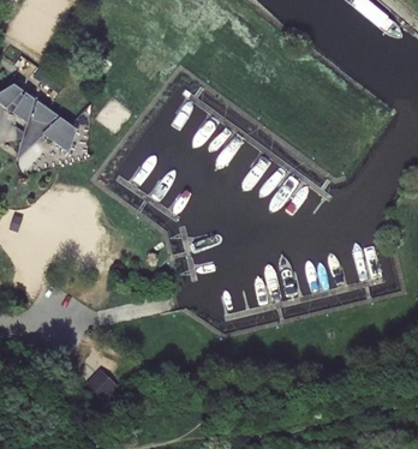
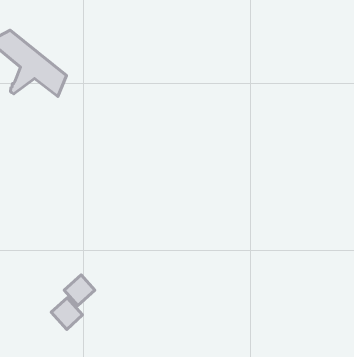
building: none -> [64,275,95,305]

